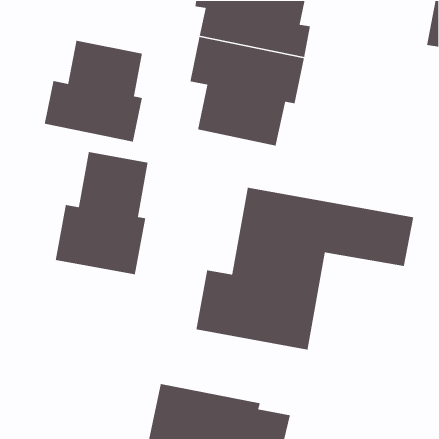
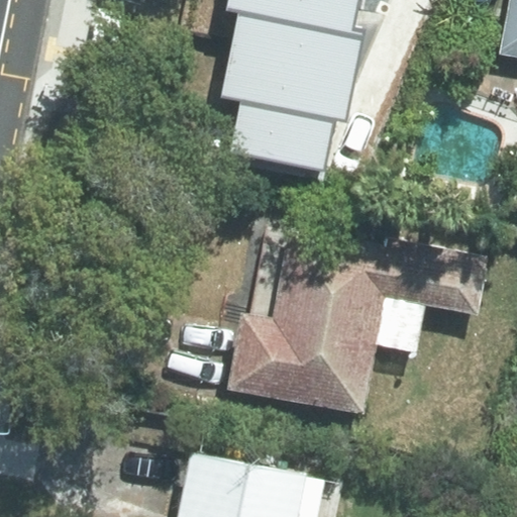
building: [44,40,143,142] -> none
building: [55,151,148,275] -> none

